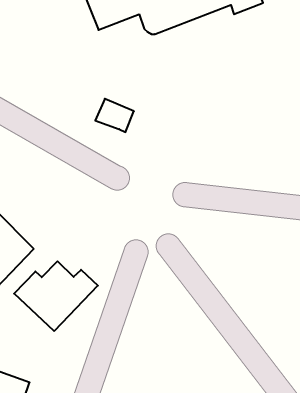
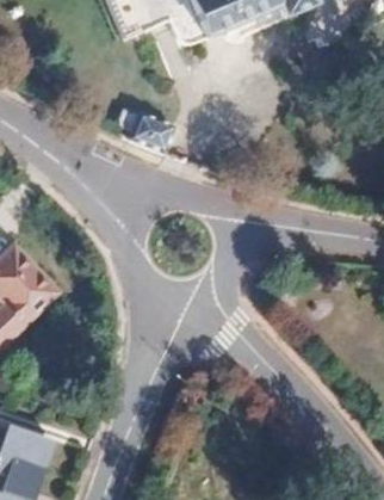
building: [14,261,98,331] -> none

